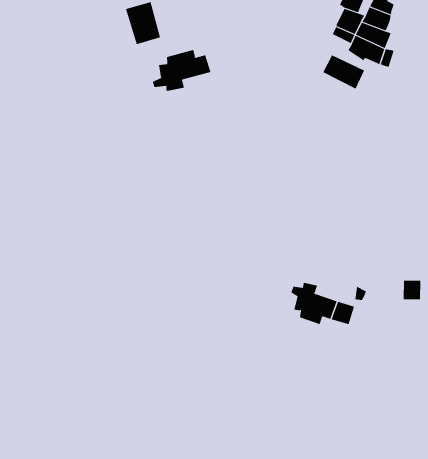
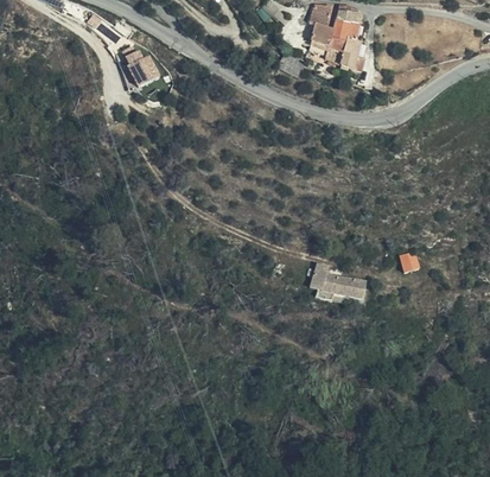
building: [152,49,211,92] -> none
building: [323,55,365,89] -> none

